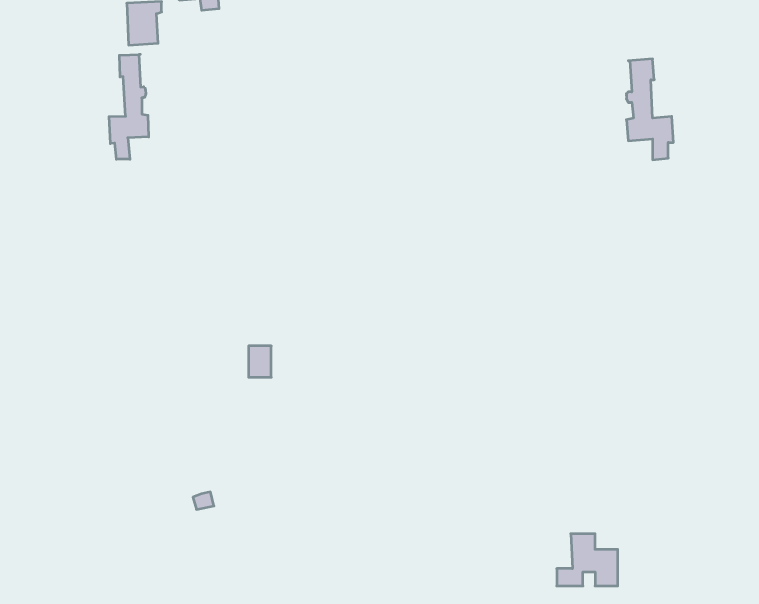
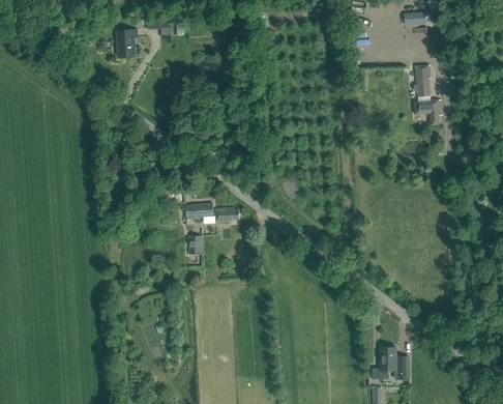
building: [109,54,149,159] -> none
building: none -> [194,203,238,224]

